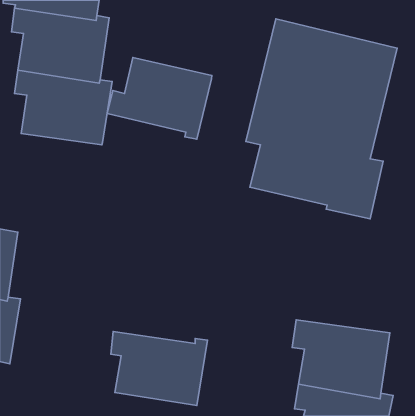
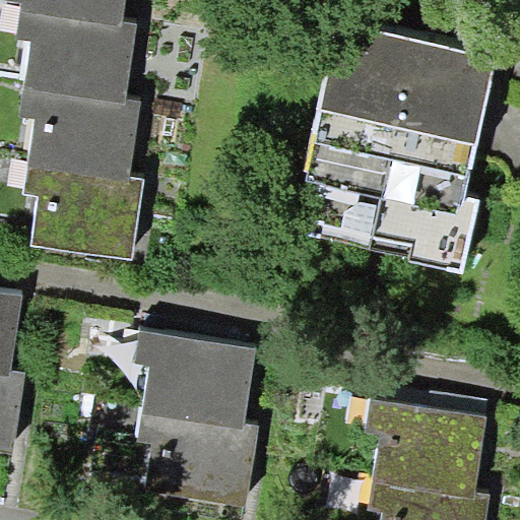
building: [107,58,212,139] -> none
building: none -> [21,167,143,259]
building: none -> [134,331,255,429]

